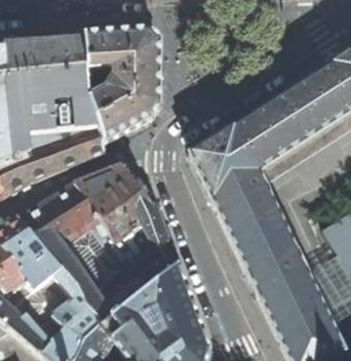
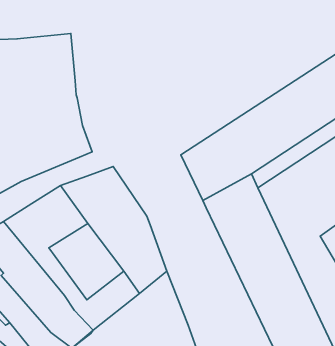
building: [86,29,161,142] -> none
building: [65,217,138,291] -> none

